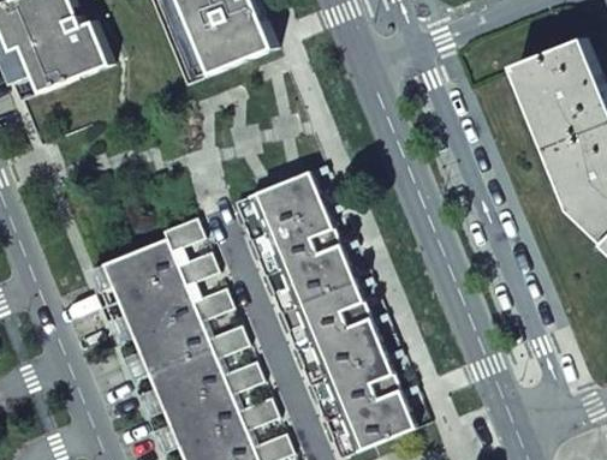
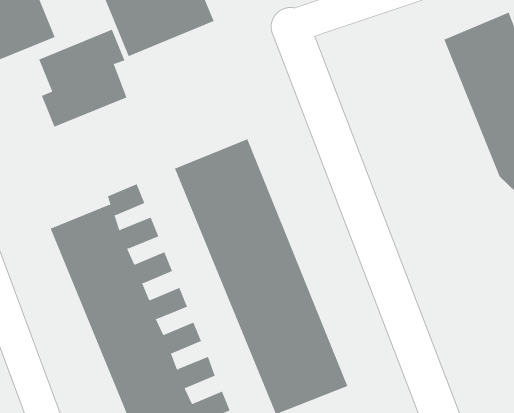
building: none -> [38,29,127,128]

